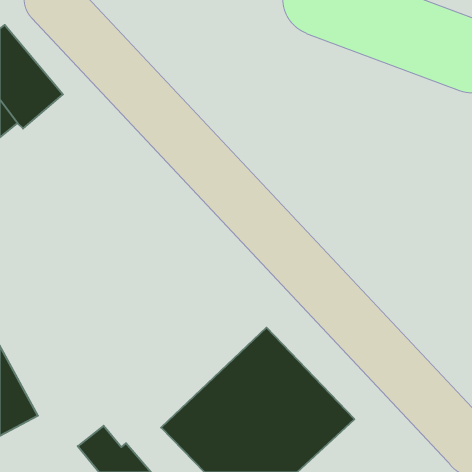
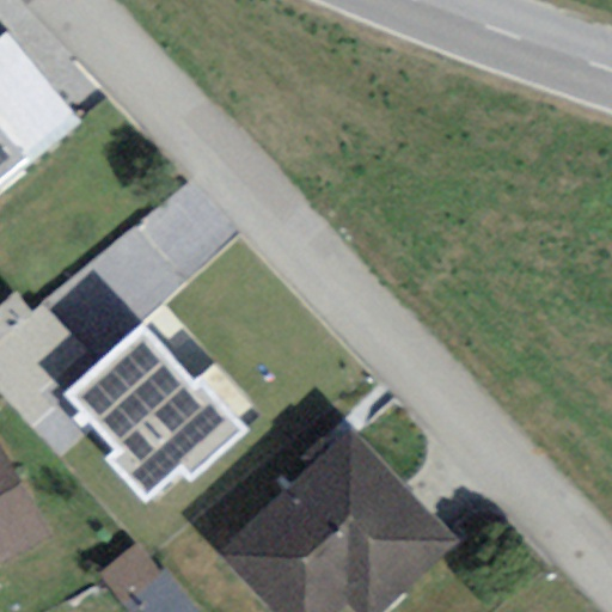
building: none -> [66,330,245,504]

